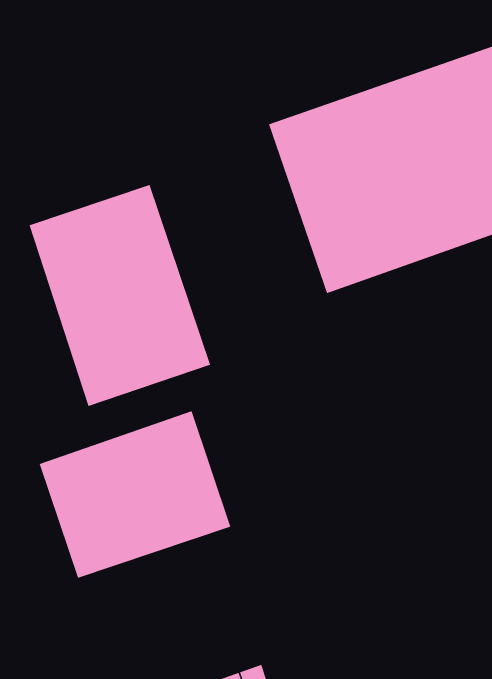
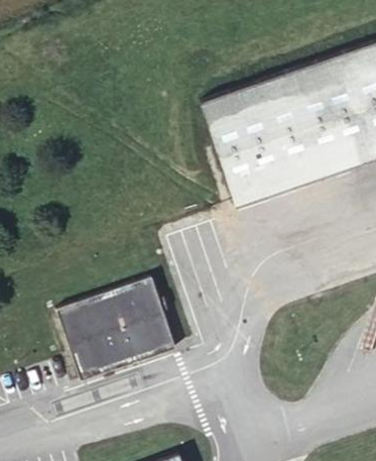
building: [29,184,211,407] -> none

